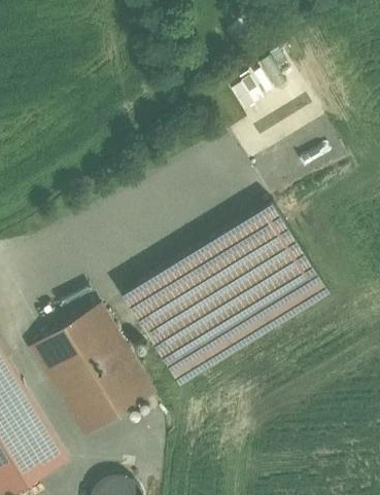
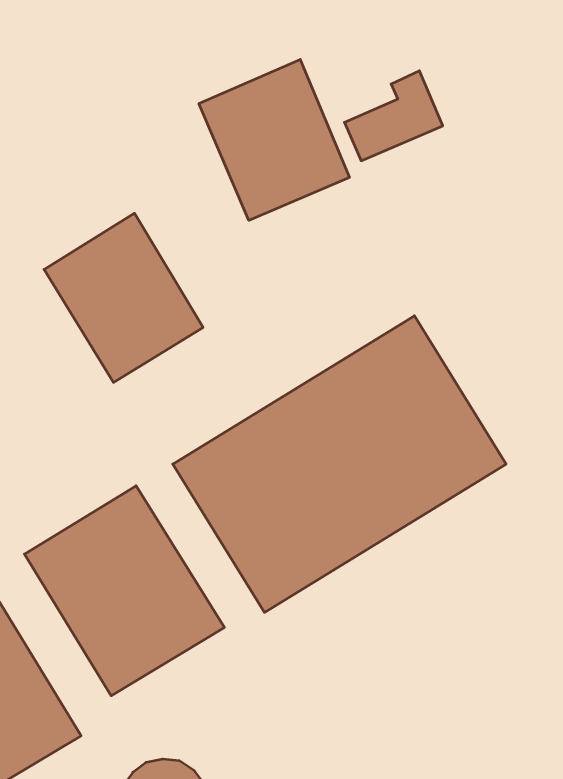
building: none -> [199,59,349,220]
building: none -> [44,213,203,382]

